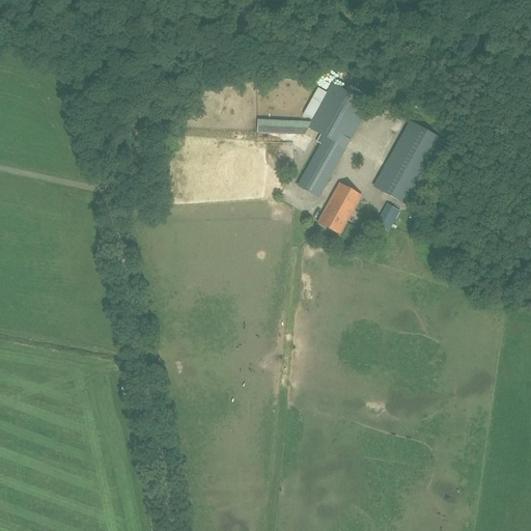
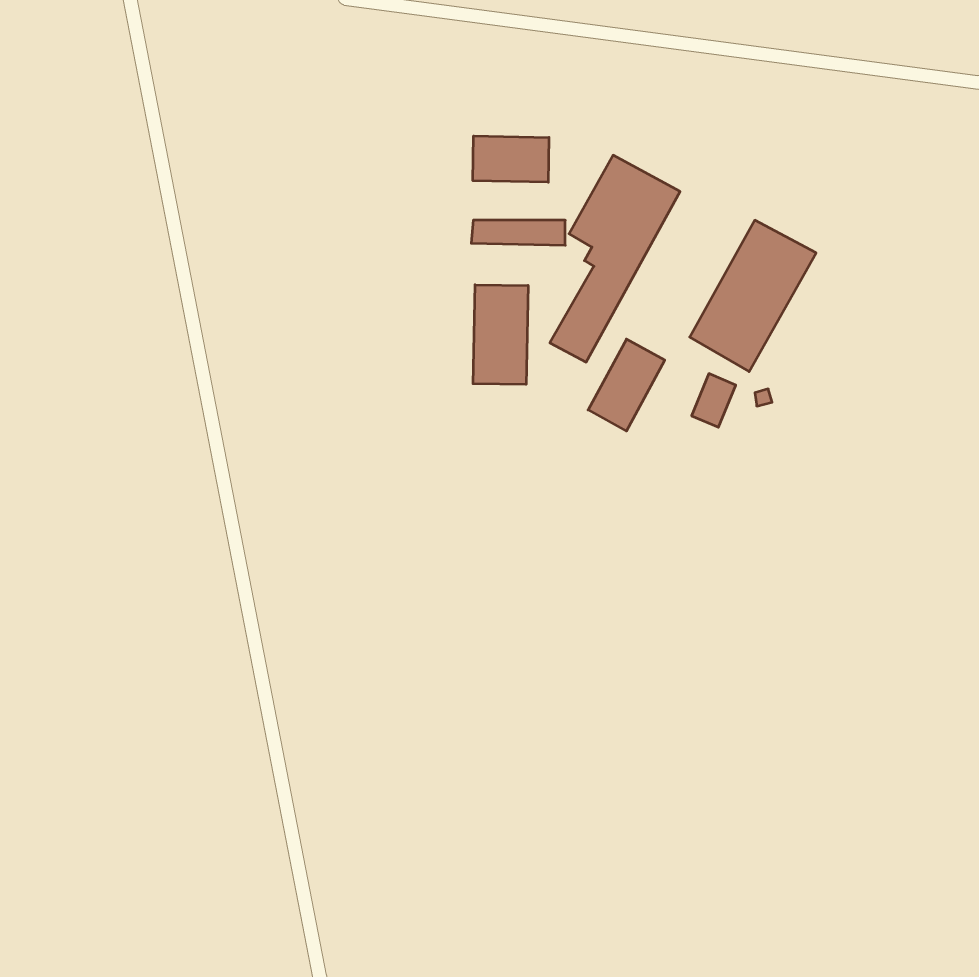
building: none -> [473,136,549,182]
building: none -> [473,285,528,384]

